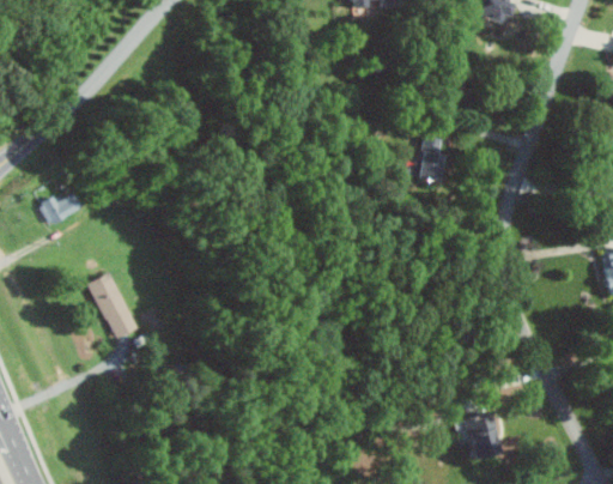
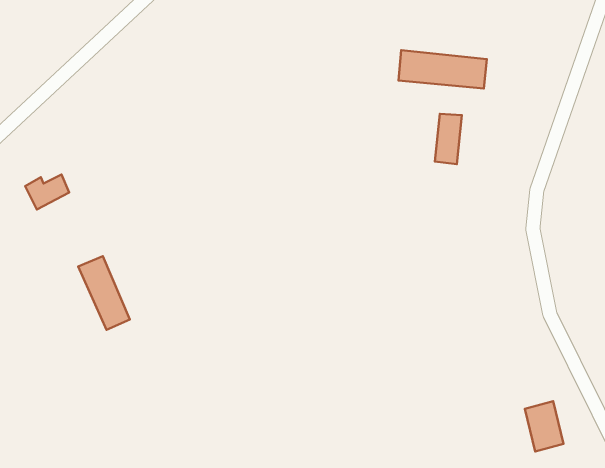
building: none -> [399,50,487,89]
building: [463,411,499,458] -> [525,401,564,452]

